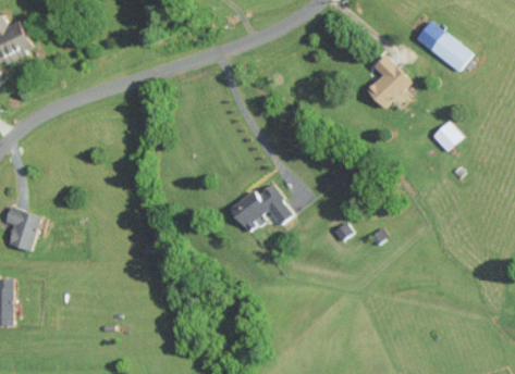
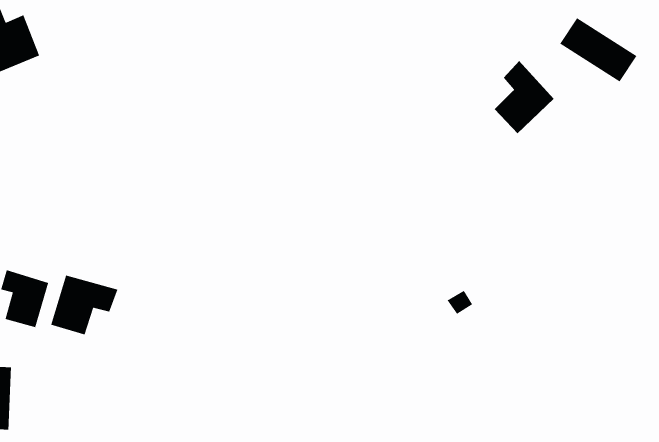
building: [431,122,462,152] -> none
building: [231,186,293,230] -> none
building: none -> [50,274,119,335]

